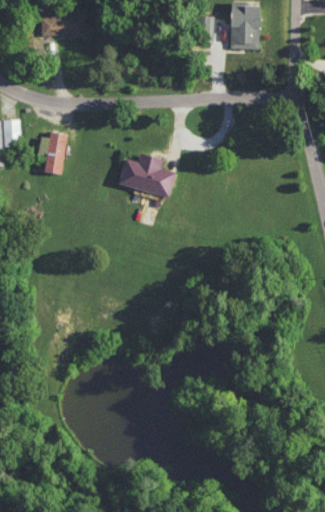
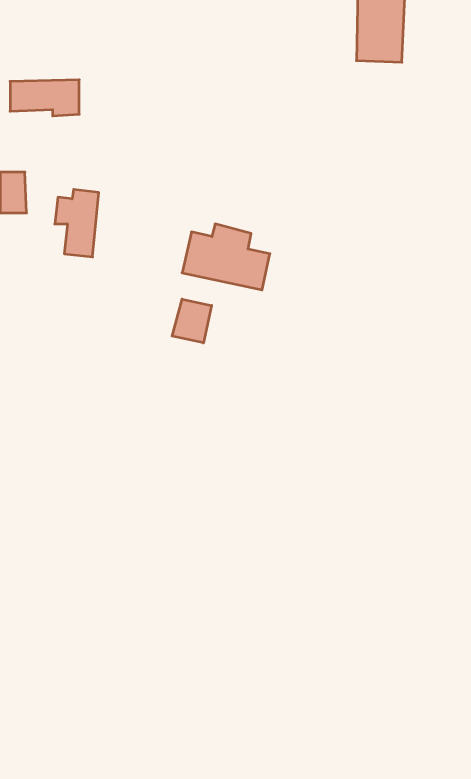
building: [41,16,85,39] -> [10,80,79,116]
building: none -> [172,299,212,343]

